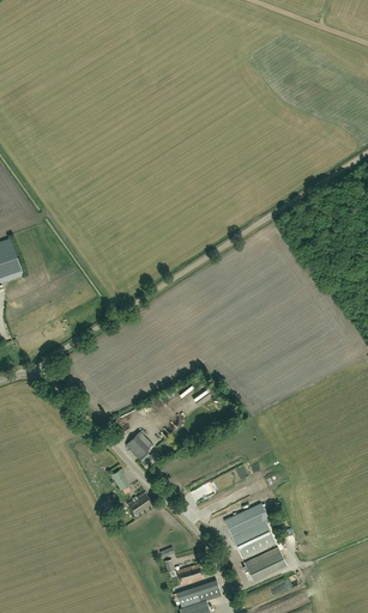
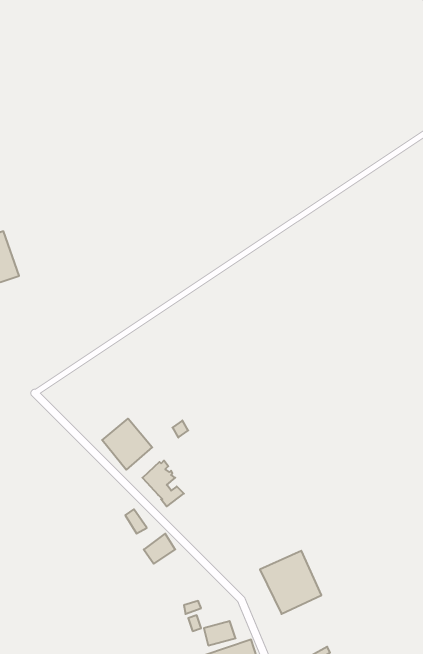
building: none -> [102,419,152,470]
building: [243,547,285,581] -> none

